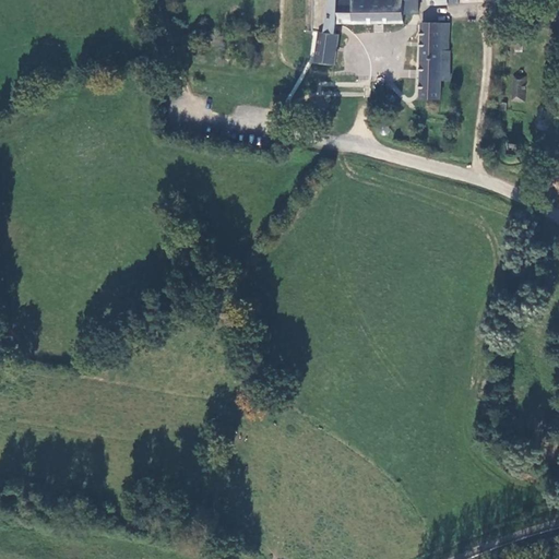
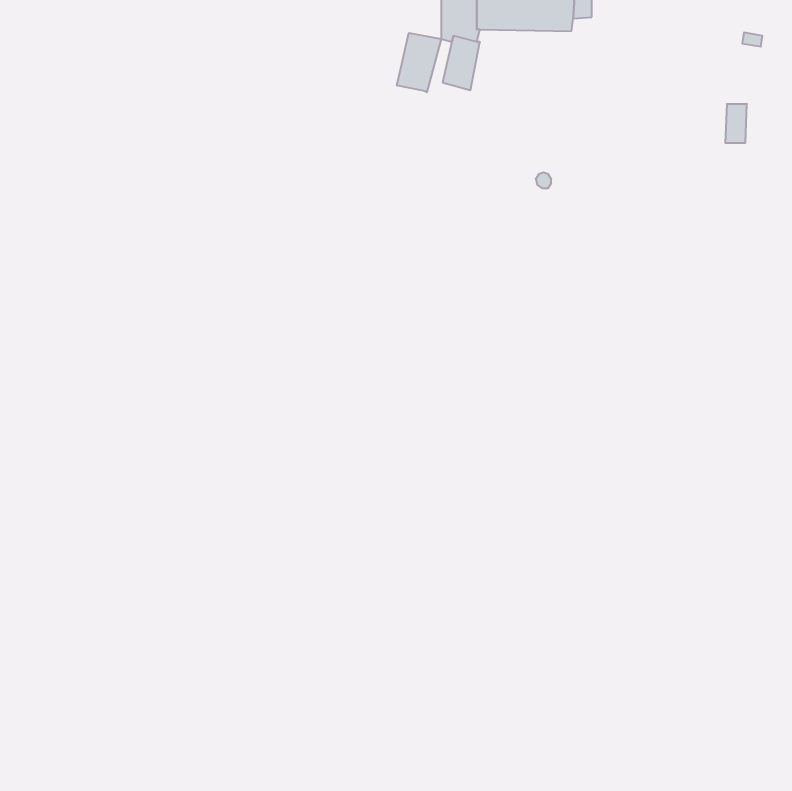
building: [419,21,452,98] -> none
building: none -> [397,33,441,92]

